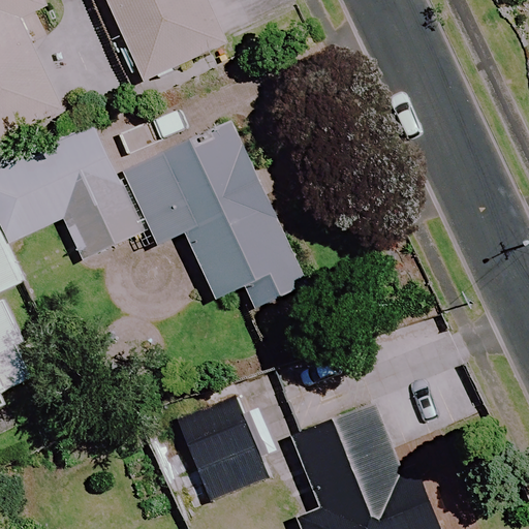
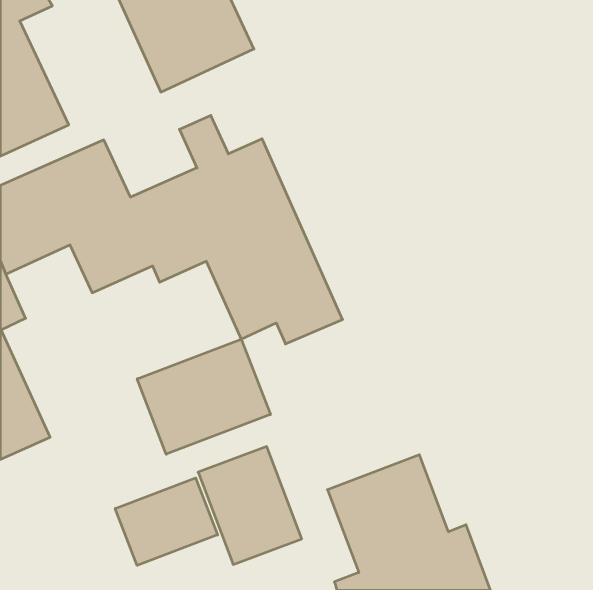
building: none -> [137,339,270,454]
building: none -> [115,478,218,565]

